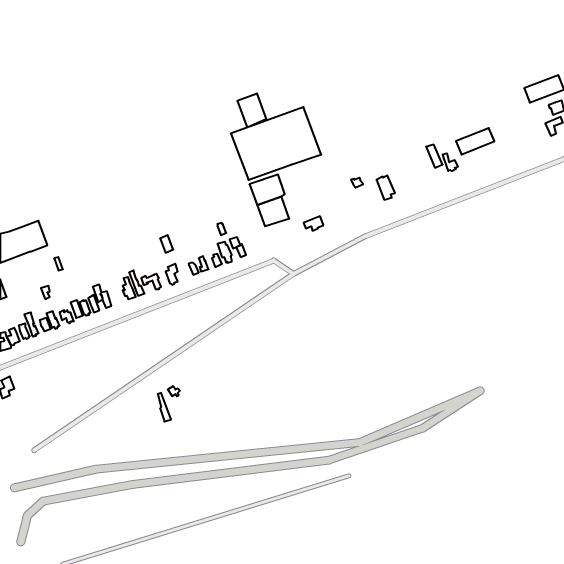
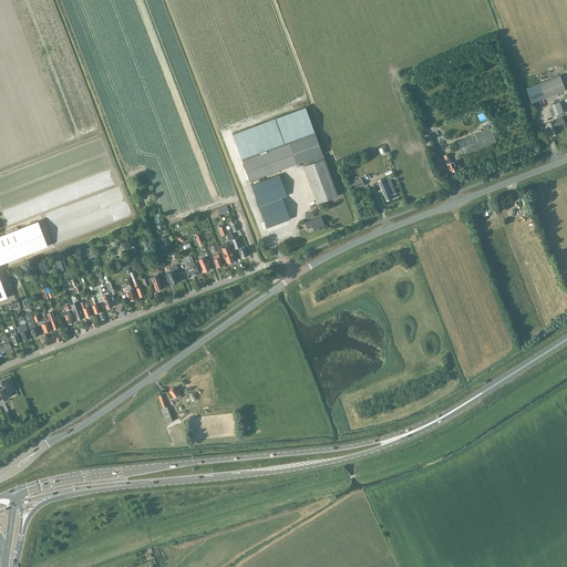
building: [237,93,266,127] -> none
building: none -> [302,155,338,204]

